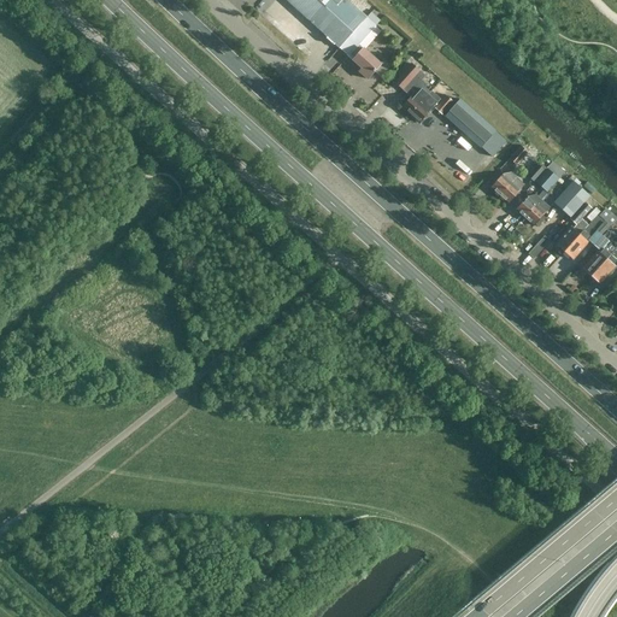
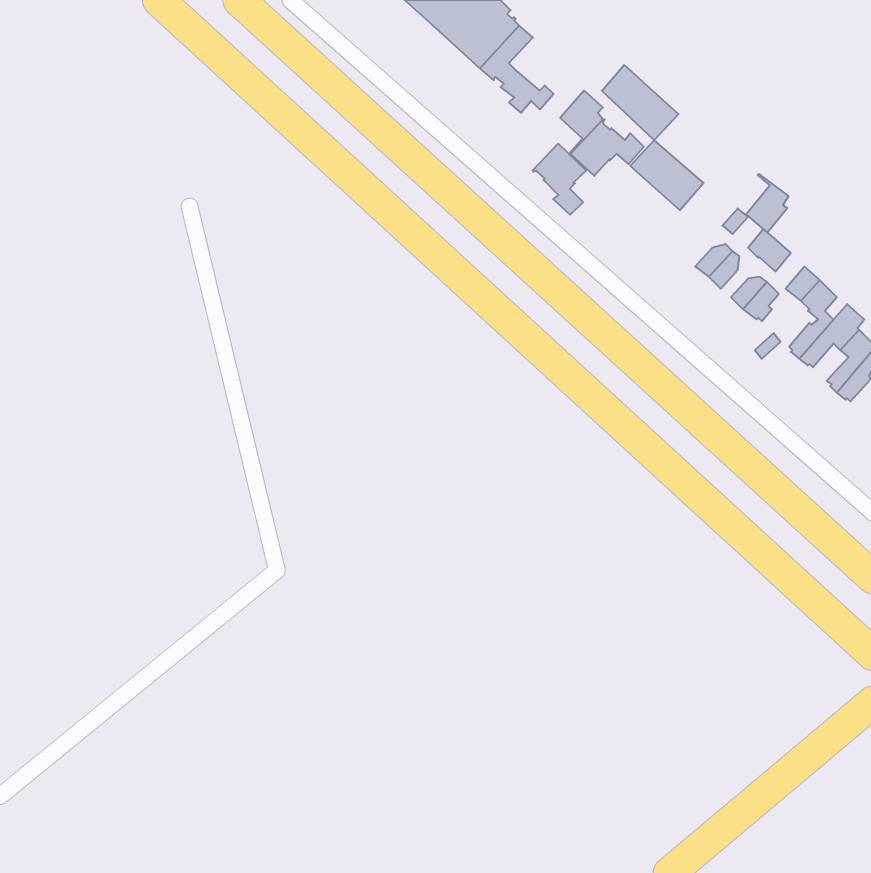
building: none -> [602,65,678,140]
building: none -> [533,144,586,215]
building: none -> [746,174,788,233]

